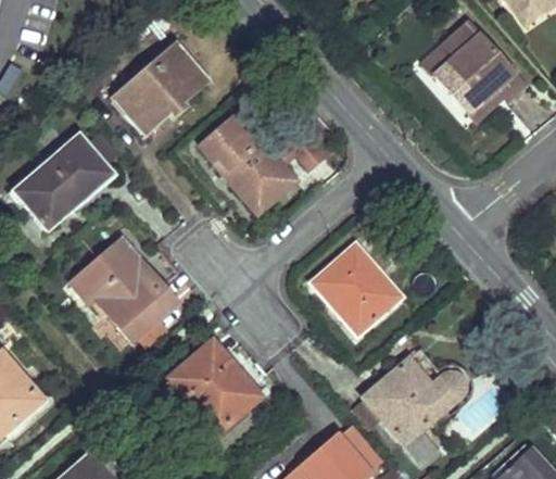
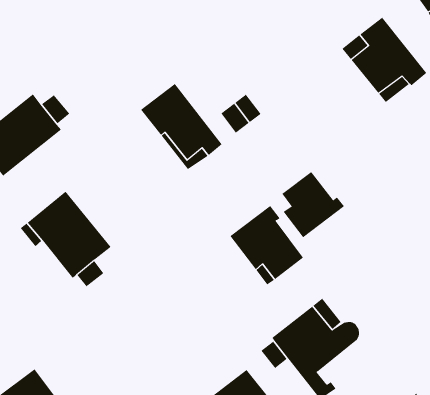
building: [112,40,210,134] -> none
building: none -> [282,171,345,238]
building: [169,340,260,432] -> none

